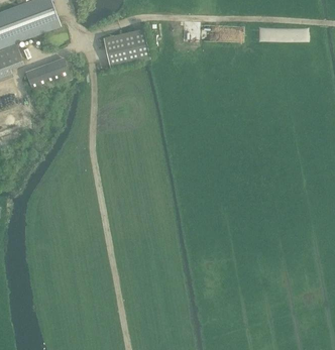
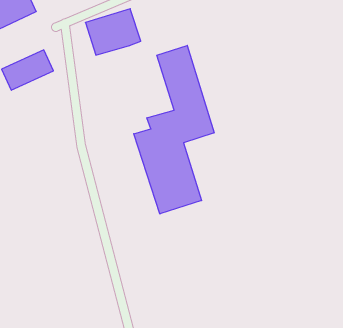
building: none -> [134,45,214,214]

